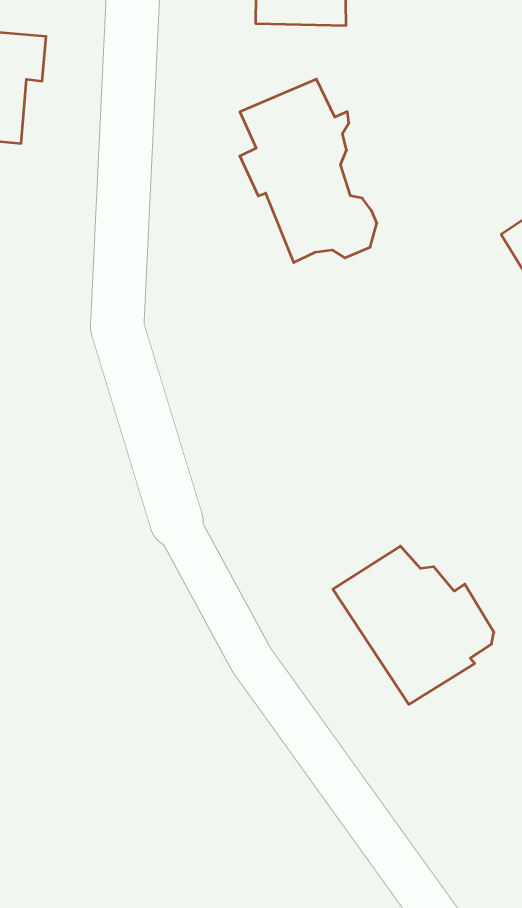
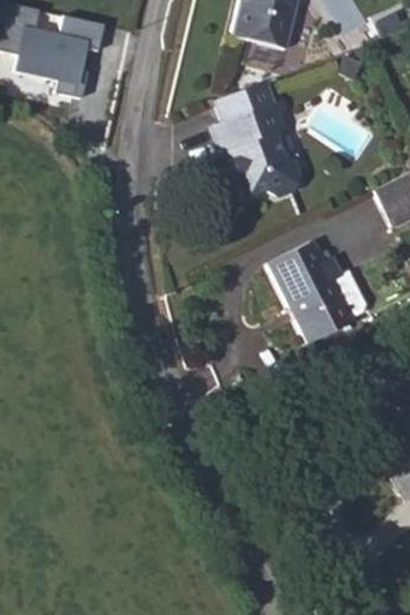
building: [333,546,494,704] -> [266,238,363,338]

